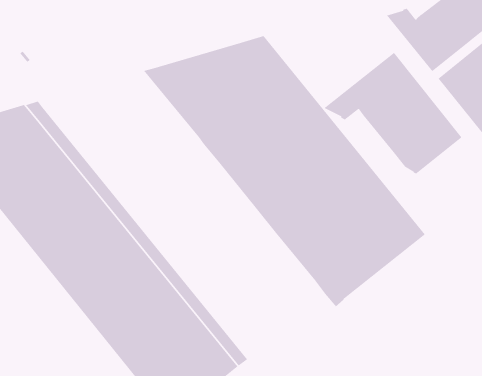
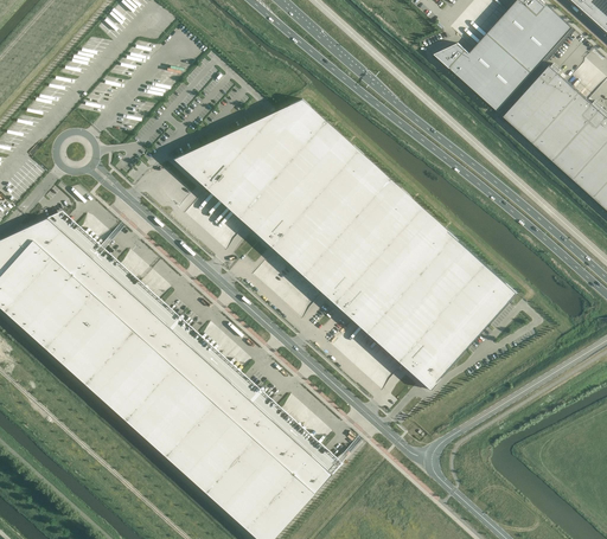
building: [323,52,463,175] -> none

